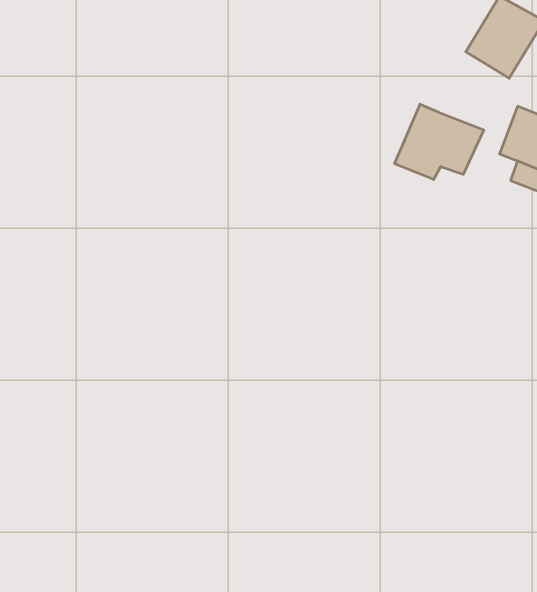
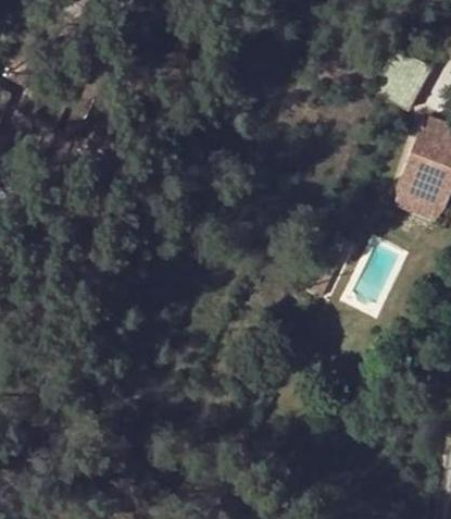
building: [395,104,484,180] -> none

